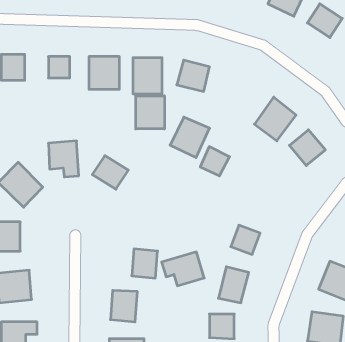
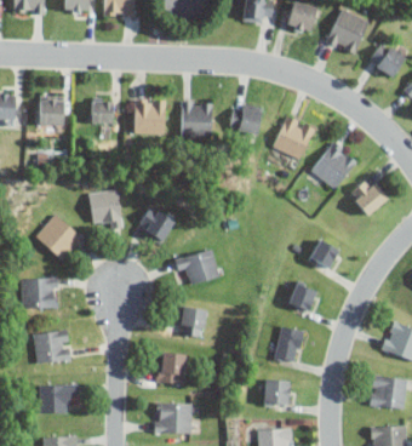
building: [136,96,164,129] -> none
building: [170,117,210,158] -> [273,116,315,160]
building: [200,147,230,176] -> [308,239,339,270]
building: [162,252,204,286] -> [174,248,221,285]

